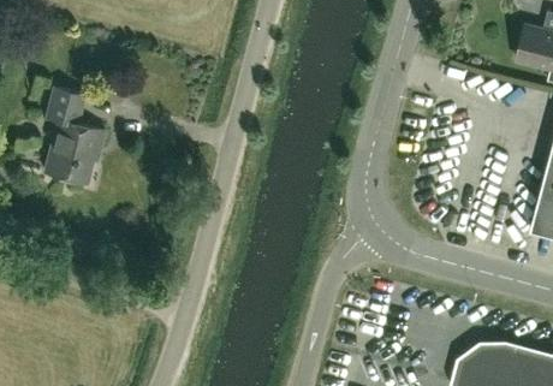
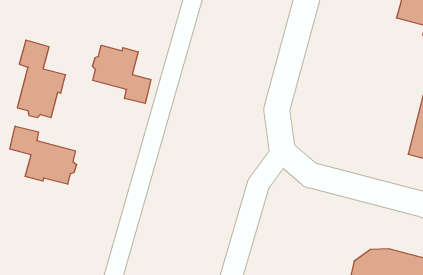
building: none -> [93,45,151,103]
building: none -> [10,126,77,184]

